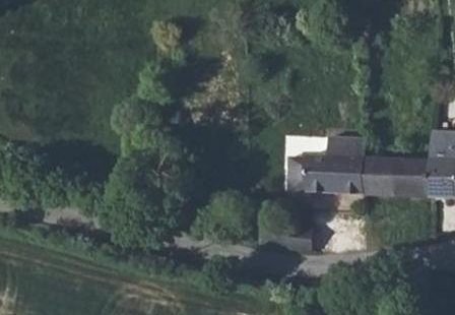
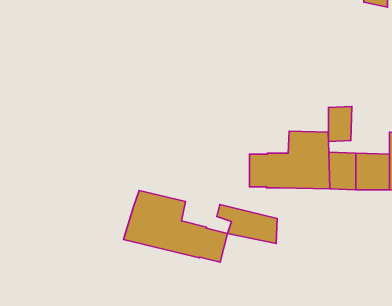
building: none -> [328,107,352,142]
building: none -> [124,191,228,262]

